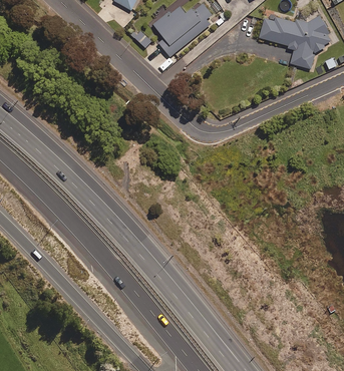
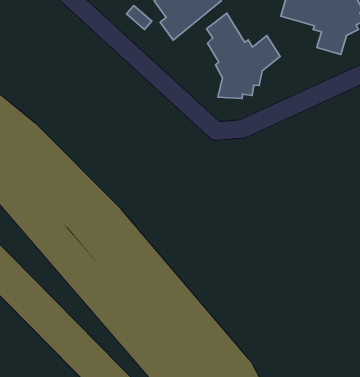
building: none -> [207,13,280,98]

